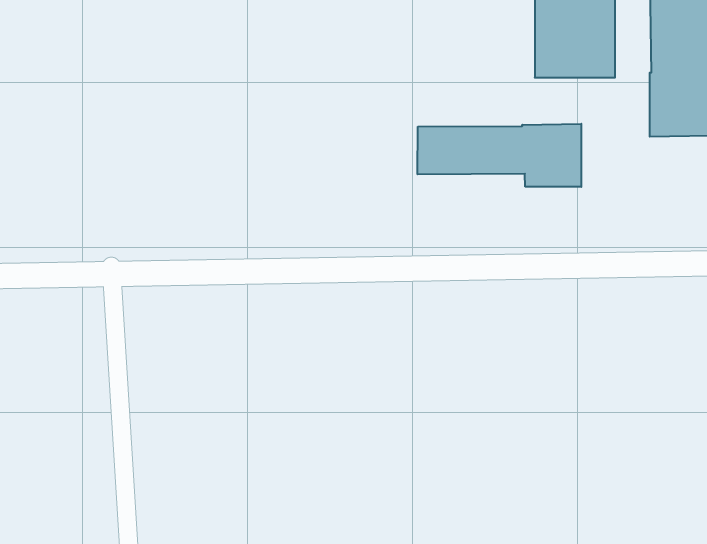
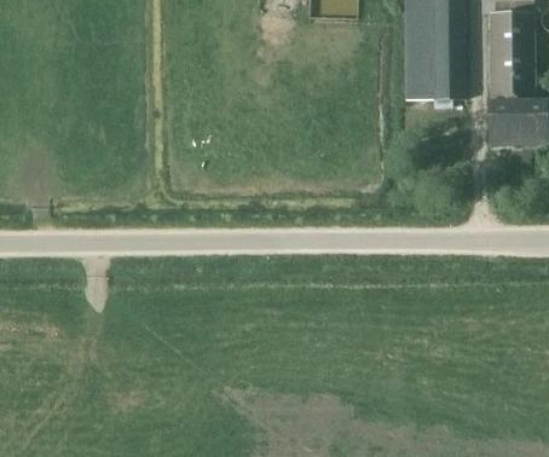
building: [418,124,581,187] -> none

